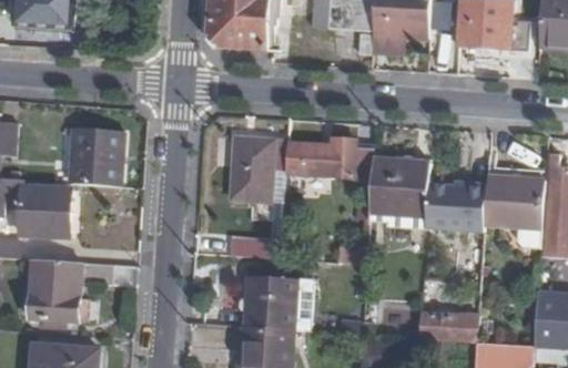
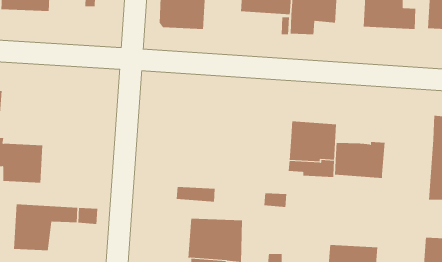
building: [68,127,120,186] -> none
building: [230,137,285,201] -> none
building: [298,137,373,178] -> none
building: [484,177,545,227] -> none

